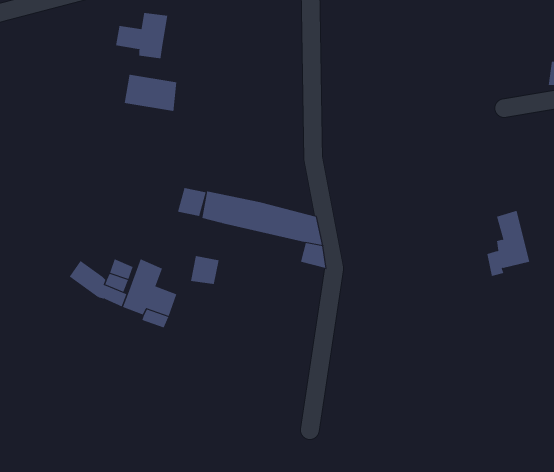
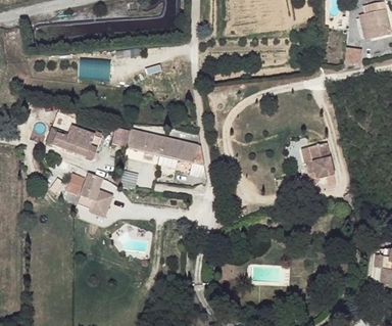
building: [116,12,168,59] -> none
building: none -> [47,112,101,160]

